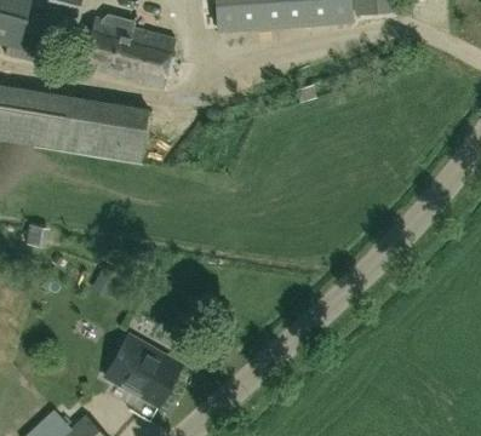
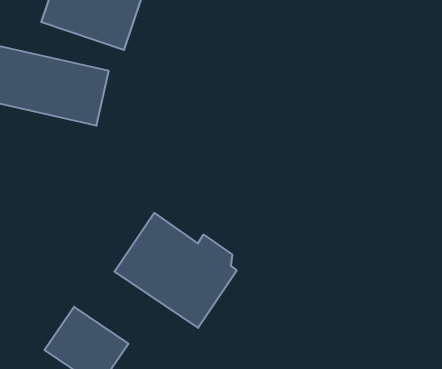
building: none -> [114,213,237,328]

